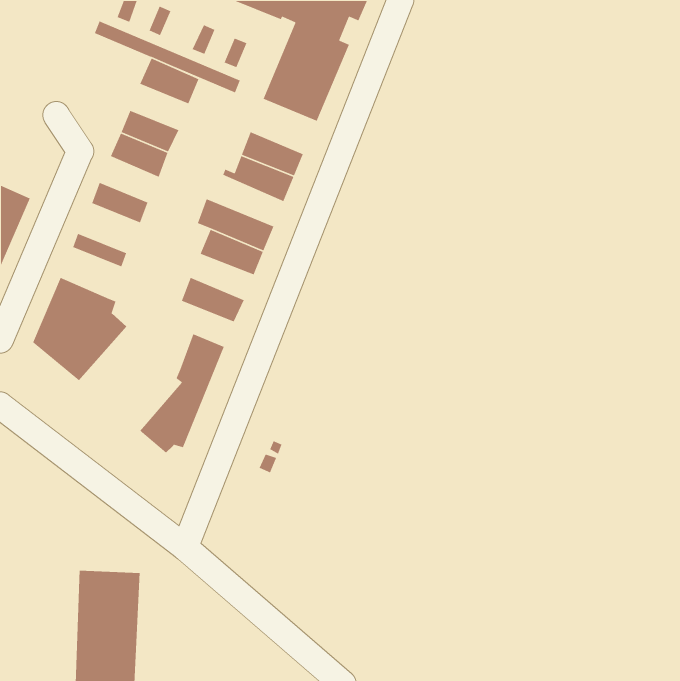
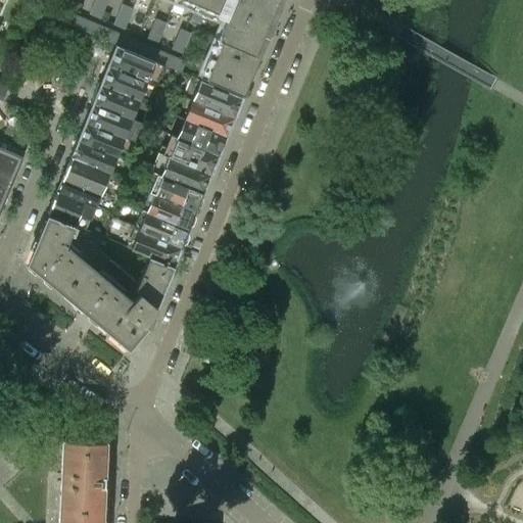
building: none -> [102,66,147,101]
building: none -> [194,82,244,120]
building: none -> [79,122,125,156]
building: none -> [160,136,220,175]
building: none -> [62,157,110,195]
building: none -> [49,191,96,230]
building: none -> [148,196,197,231]
building: none -> [134,232,182,267]
building: none -> [63,251,141,331]

